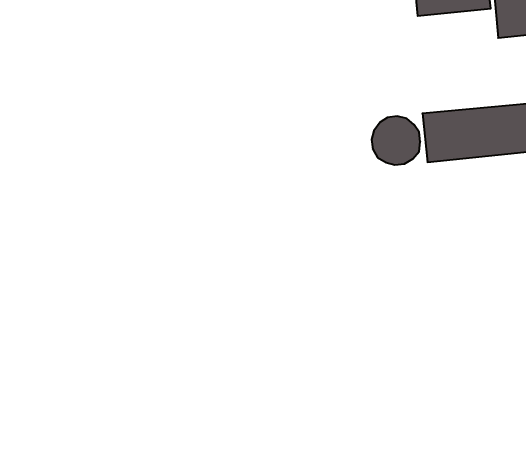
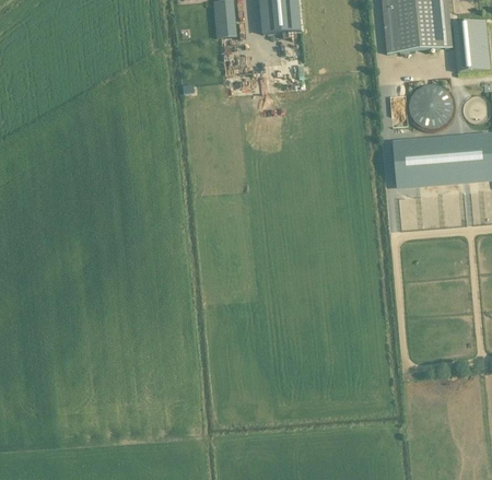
building: [372,116,420,165] -> [408,84,452,128]

